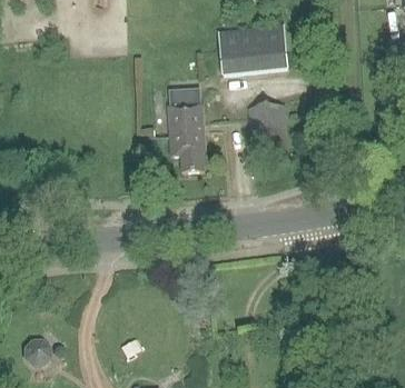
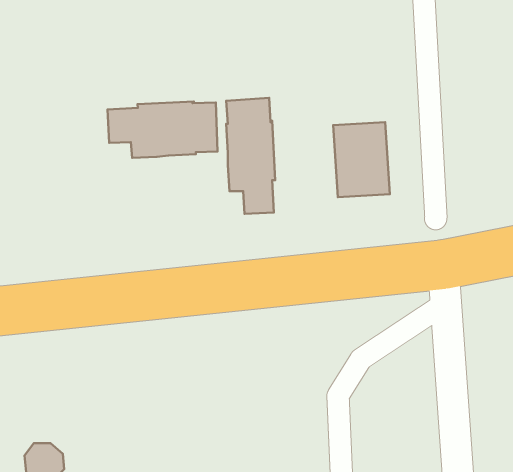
building: [217,23,288,76] -> none
building: none -> [107,101,218,158]

